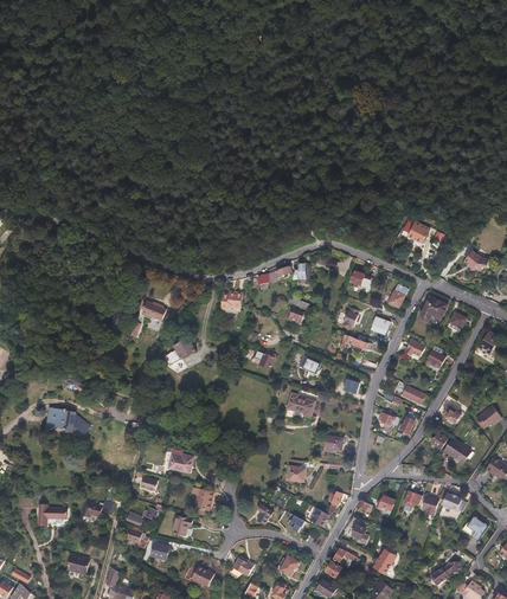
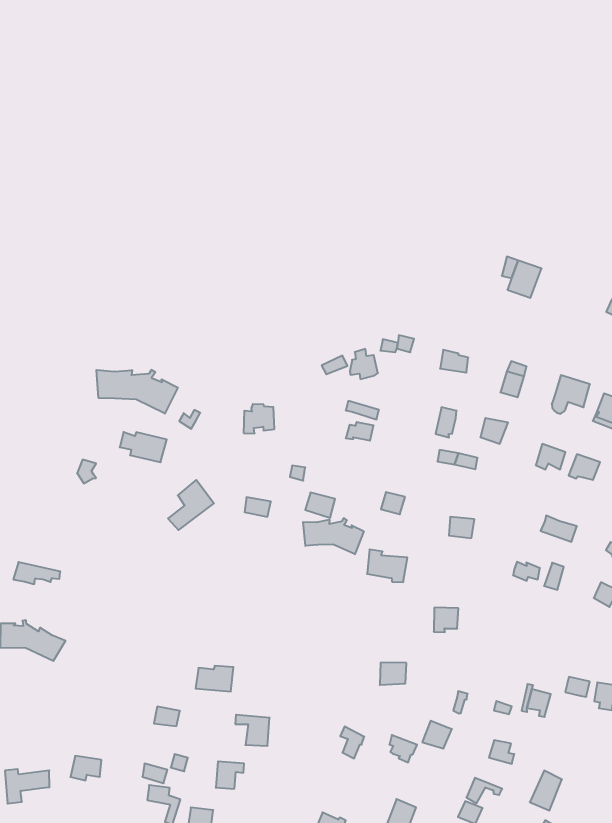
building: none -> [96,370,178,414]
building: none -> [303,518,364,554]

